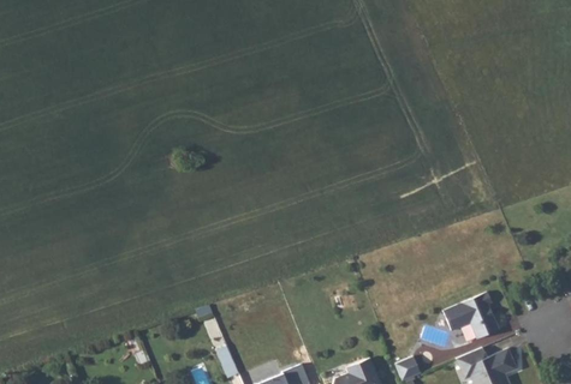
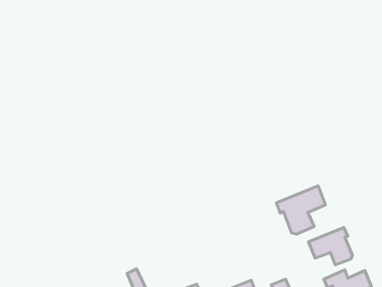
building: none -> [276,186,326,234]

